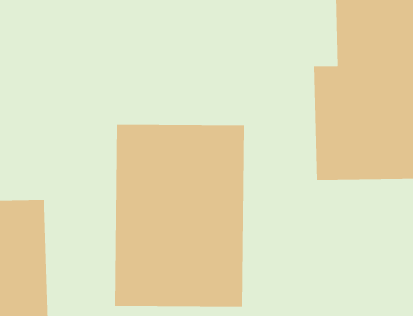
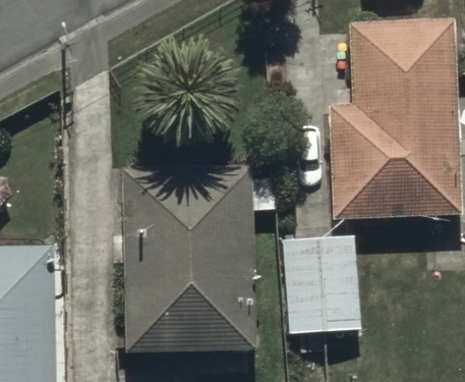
building: none -> [286,235,359,332]

